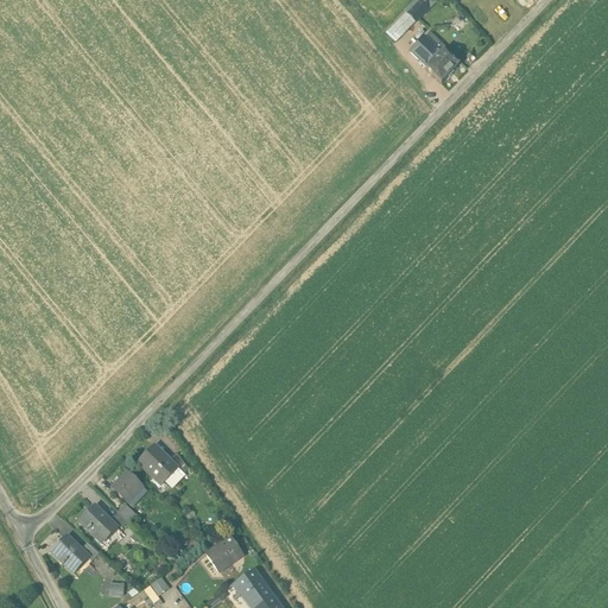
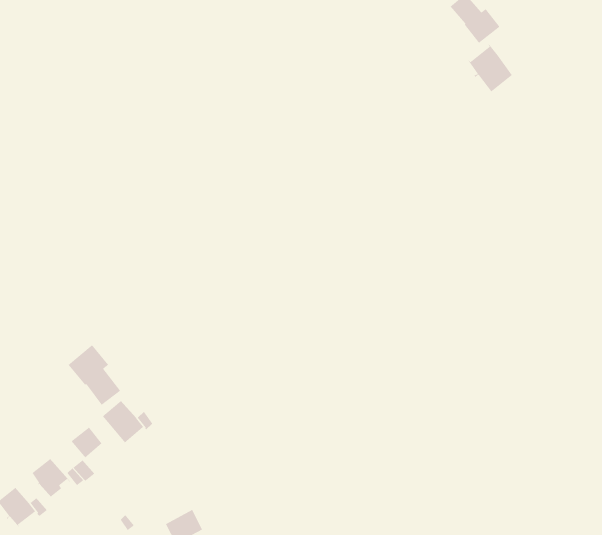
building: none -> [468,44,513,92]
building: none -> [68,344,121,406]

